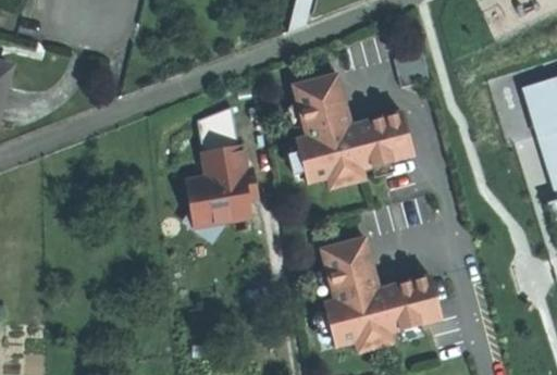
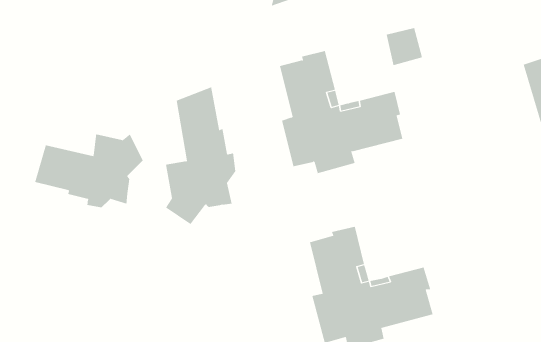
building: none -> [35,133,143,208]

